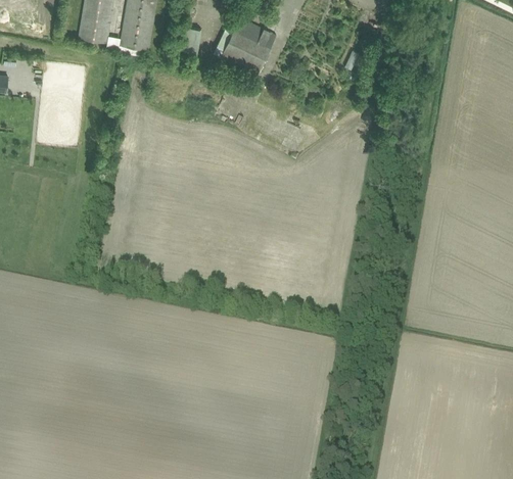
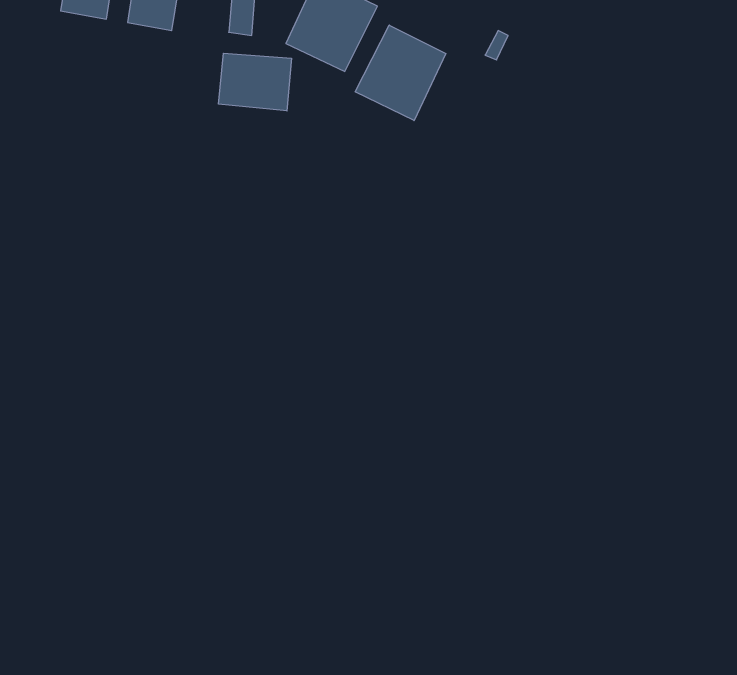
building: none -> [355,25,446,121]
building: none -> [219,53,291,111]

